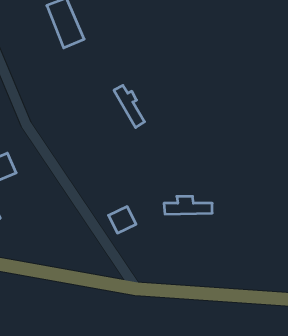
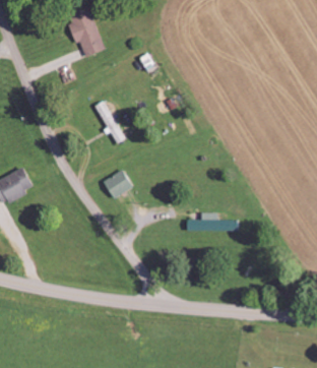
building: [114,85,145,128] -> [93,102,125,145]
building: [108,207,136,233] -> [104,170,132,197]

